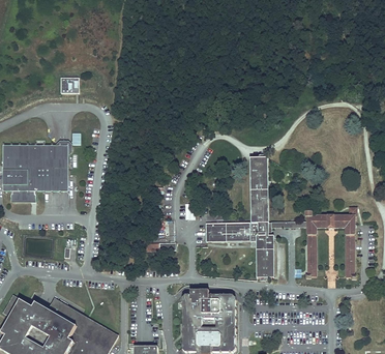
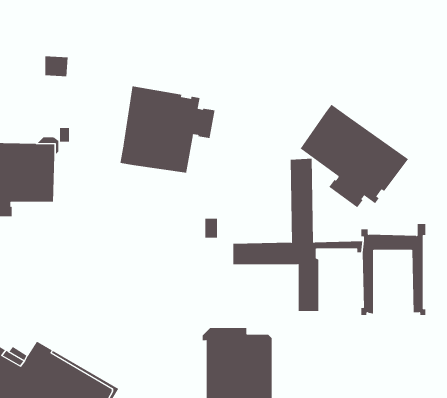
building: none -> [120,86,215,174]
building: none -> [300,104,409,208]

